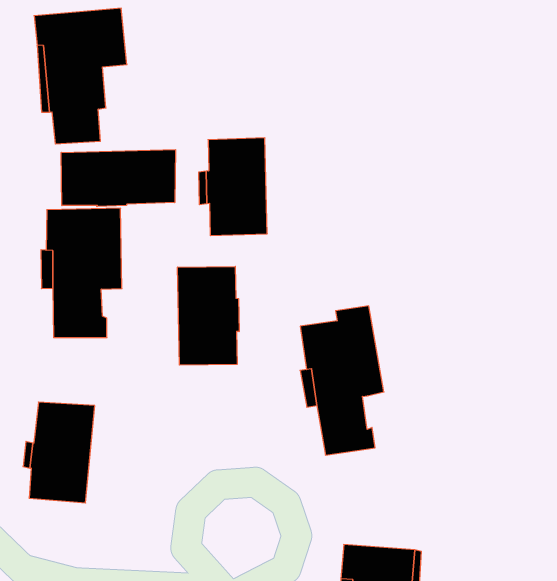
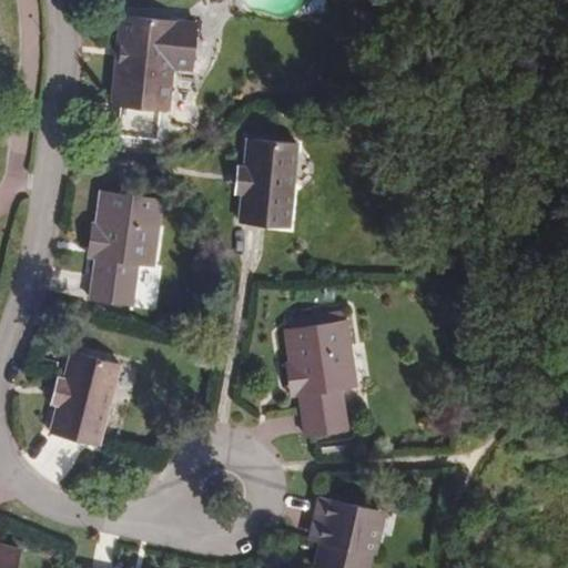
building: [61,150,176,207] -> none
building: [178,266,239,365] -> none

